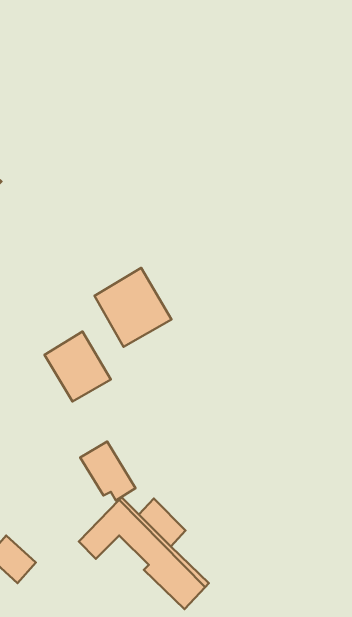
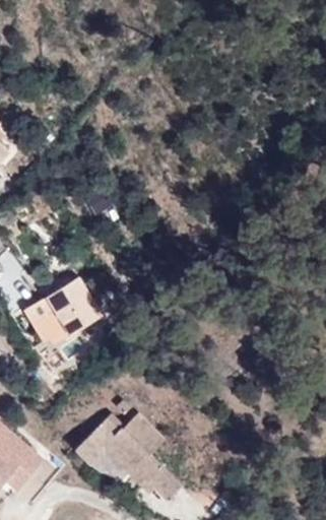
building: [94,268,171,347] -> none
building: [80,441,135,500] -> [23,296,69,344]

